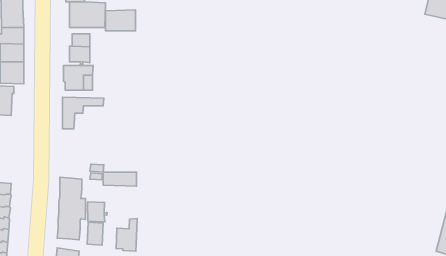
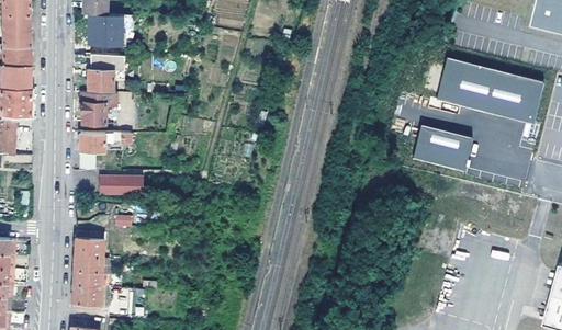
building: [105,10,136,31] -> none
building: none -> [436,59,543,125]
building: none -> [413,127,471,172]
building: [103,172,137,186] -> [101,178,143,195]
building: [88,202,107,222] -> none
building: [116,218,137,251] -> none

